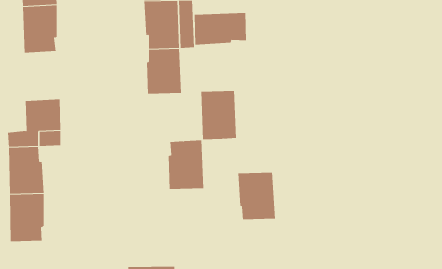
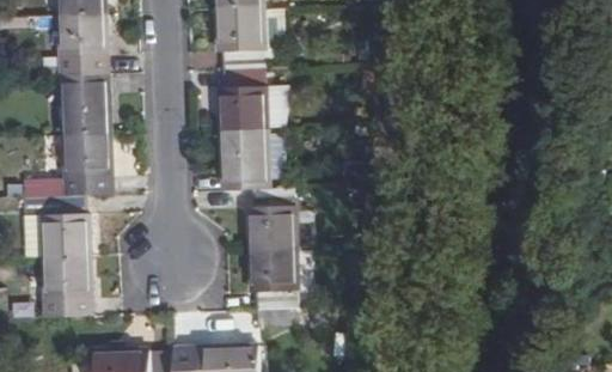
building: [194,12,246,46] -> none
building: none -> [62,73,109,136]
building: [200,90,237,140] -> [220,127,267,190]
building: [237,172,276,220] -> [247,249,296,310]

